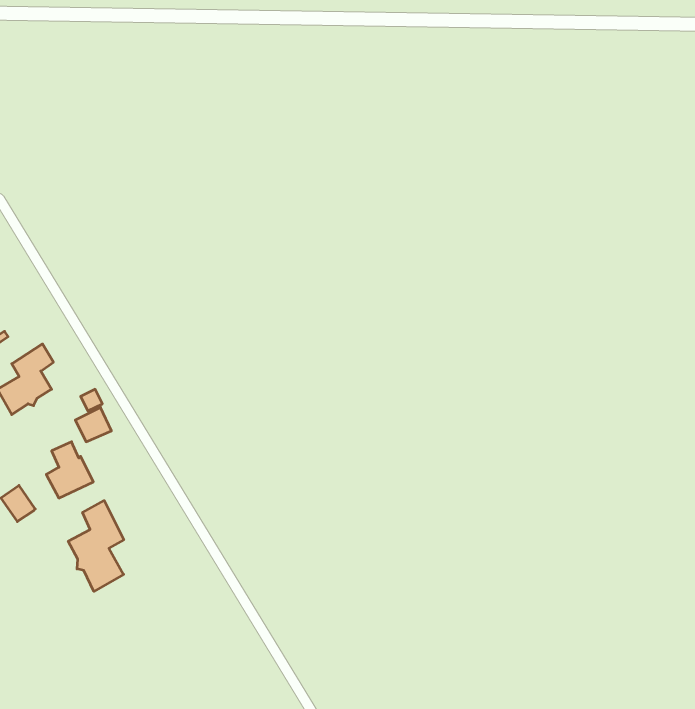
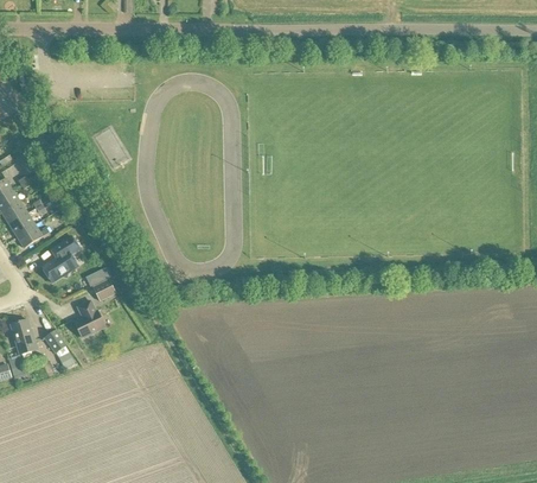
building: [68,501,124,591] -> none

